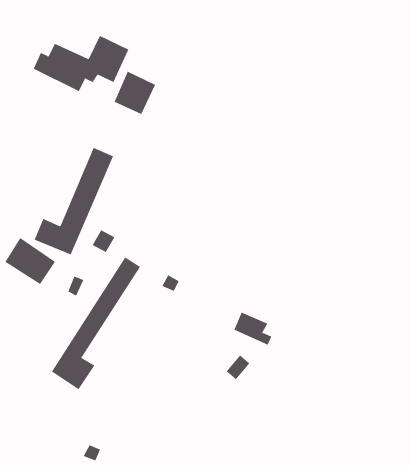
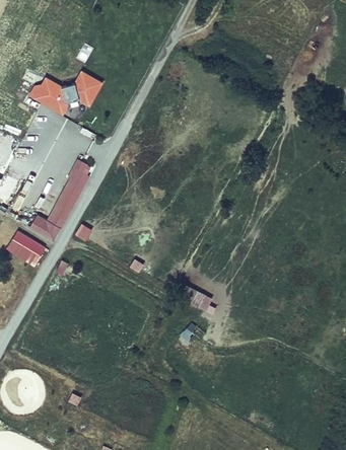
building: [114,71,156,115] -> none
building: [51,257,141,390] -> none

